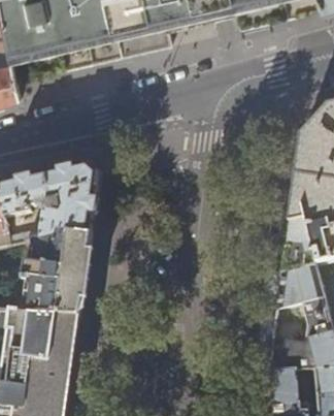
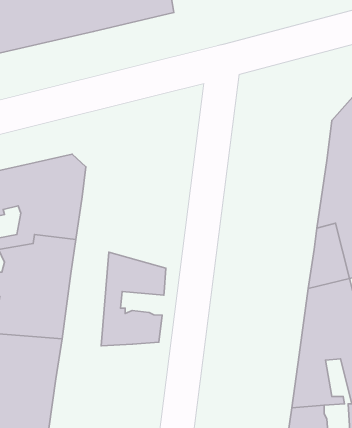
building: none -> [101,252,166,346]

